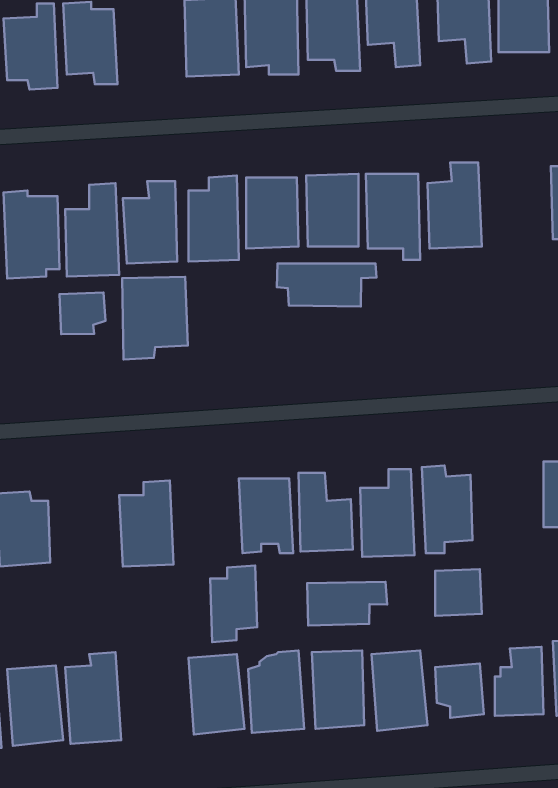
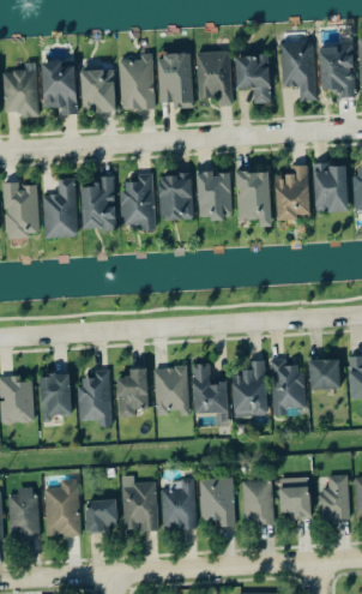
building: none -> [82,70,115,112]
building: none -> [314,163,348,211]
building: [277,263,376,306] -> none
building: [122,277,188,360] -> none
building: [60,293,105,334] -> none
building: none -> [40,374,71,418]
building: [210,565,257,642] -> [119,368,149,418]
building: [435,569,482,616] -> [310,360,340,390]
building: [307,582,387,626] -> none
building: none -> [86,499,119,532]

